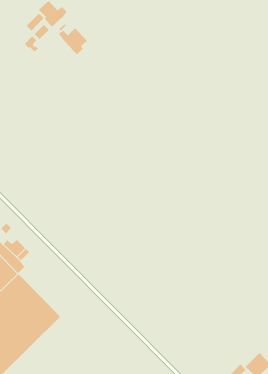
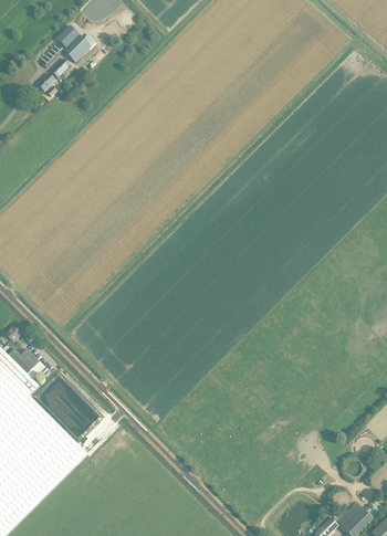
building: [58,27,88,55] -> none

